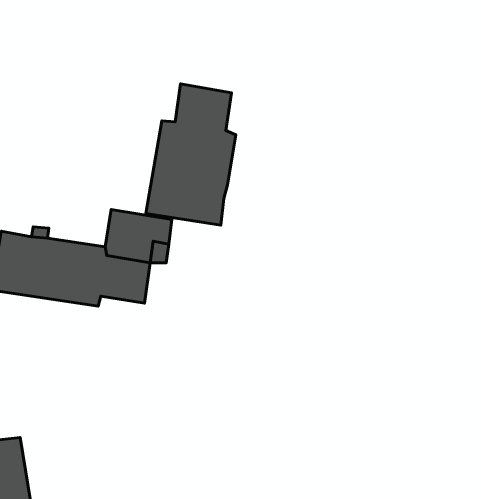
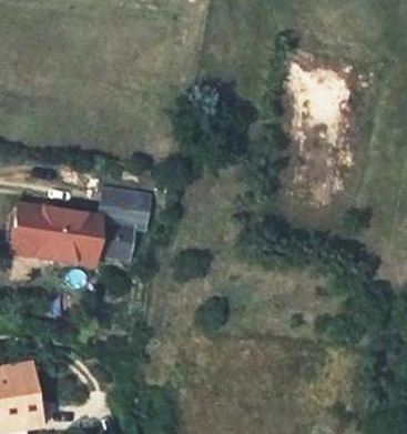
building: [146,84,236,225] -> none

